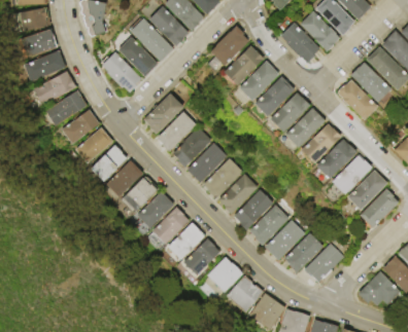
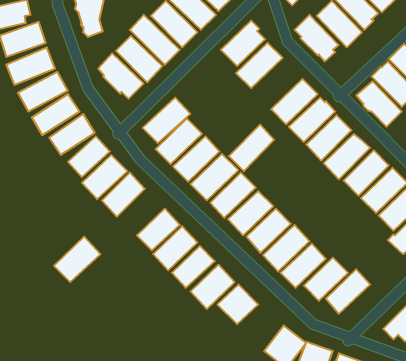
building: [242,59,282,100] -> [229,125,274,171]
building: [122,172,163,212] -> [54,237,101,282]
building: [230,274,267,312] -> none

